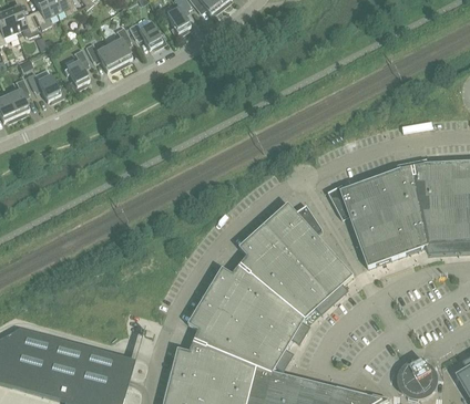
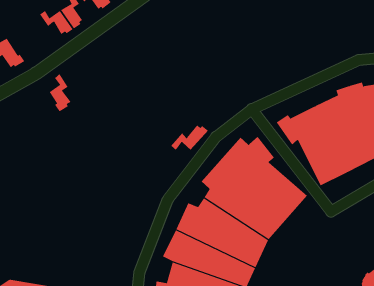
building: [67,45,90,87] -> [49,73,71,112]
building: none -> [171,124,209,151]

